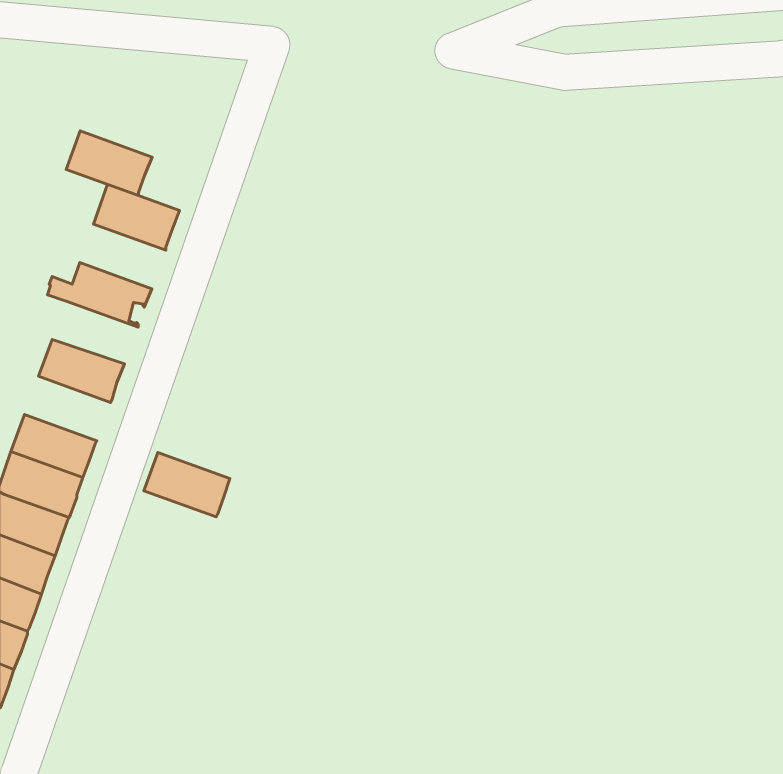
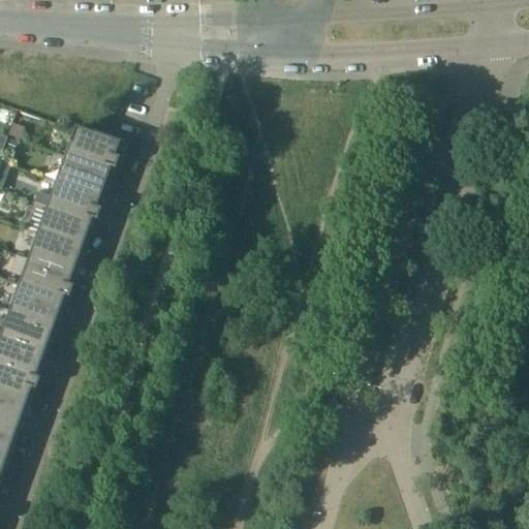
building: [66,131,152,195] -> [54,151,112,194]
building: none -> [35,203,93,245]
building: [144,452,230,517] -> [17,253,74,297]

